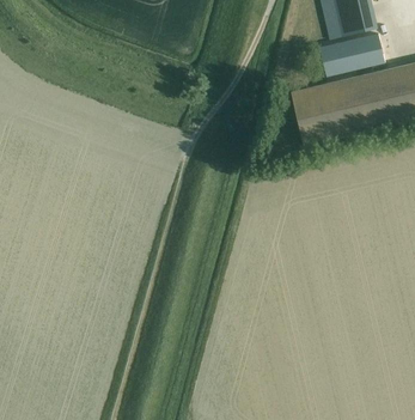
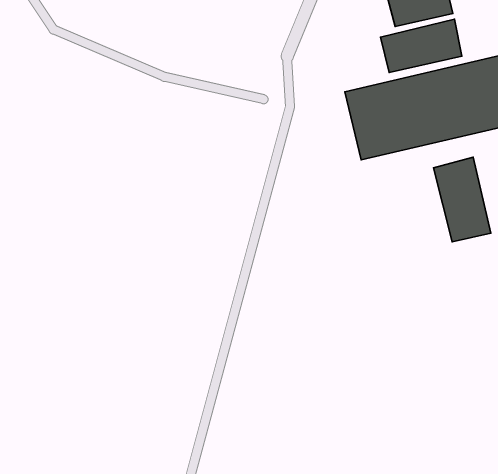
building: none -> [434,157,491,242]

